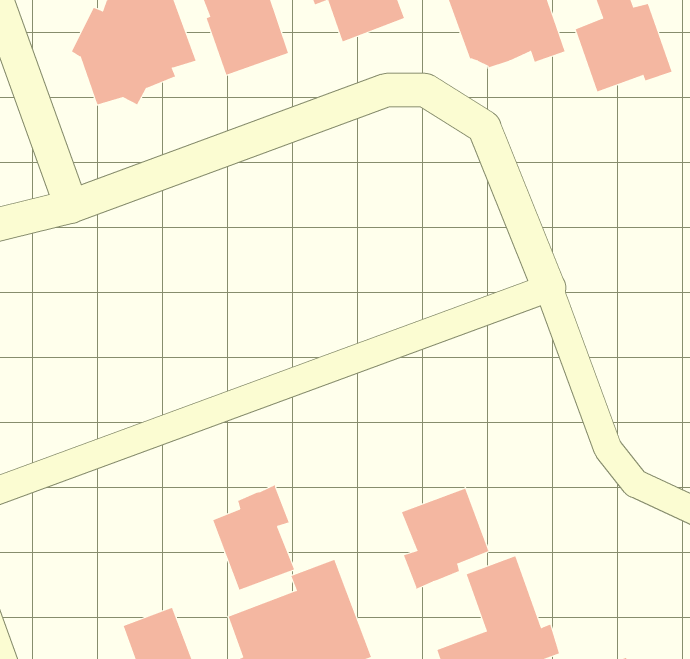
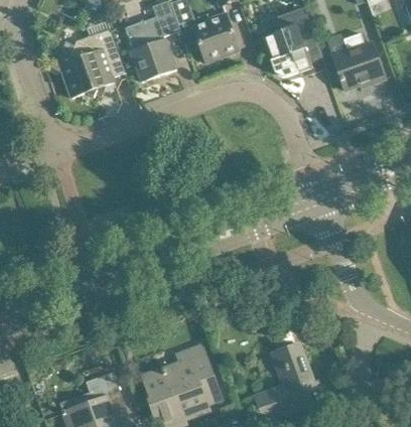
building: [212,484,295,591] -> none
building: [401,488,489,590] -> none

